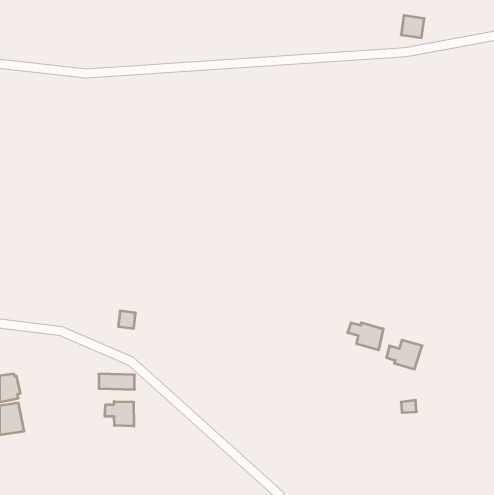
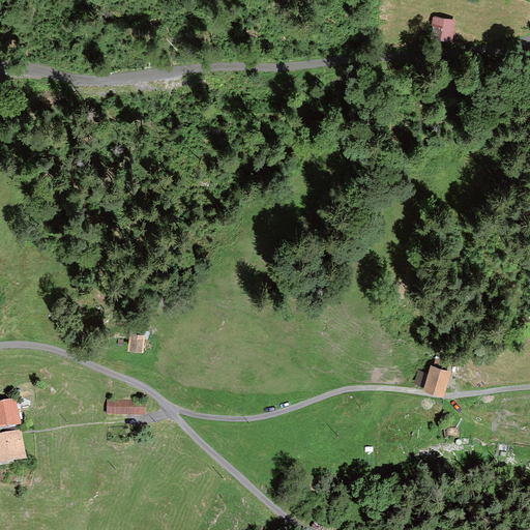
building: [348,323,383,350] -> none
building: [105,401,134,426] -> none

